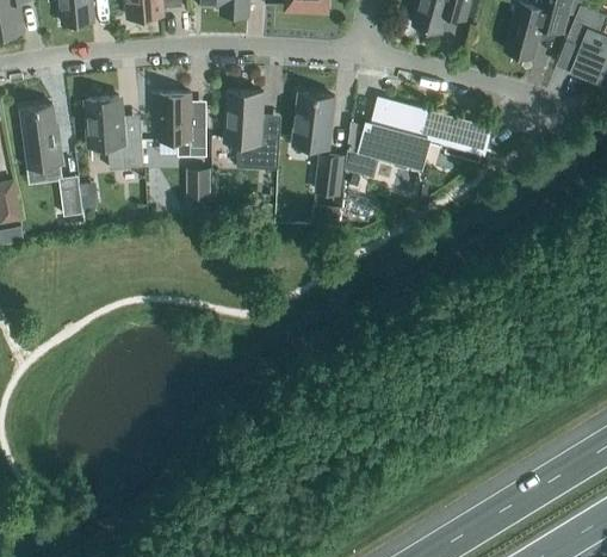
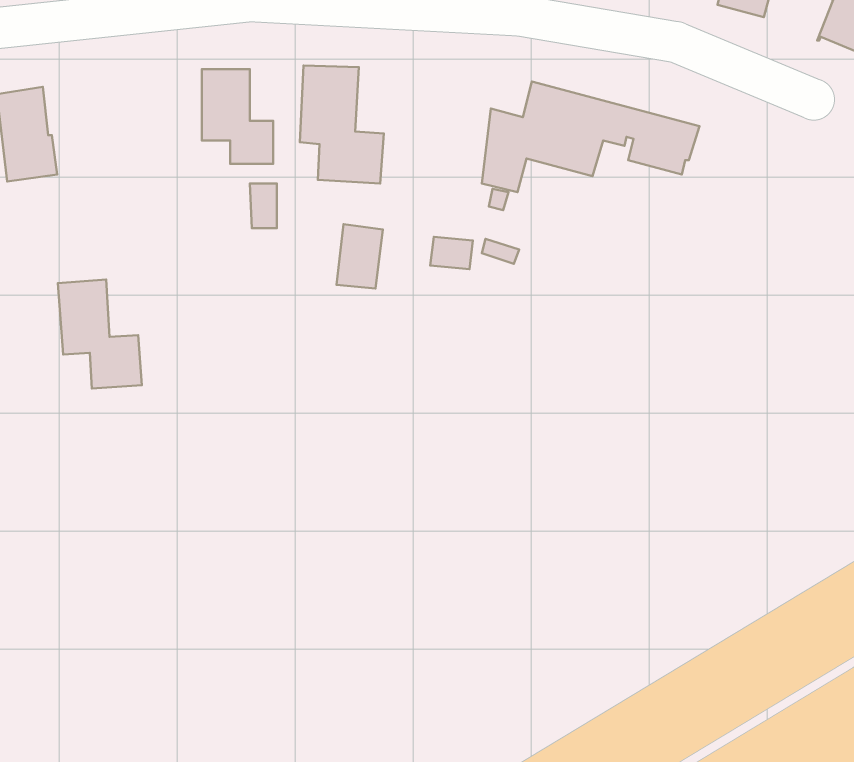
building: [292,92,334,147] -> none
building: [87,95,143,168] -> [58,280,142,389]
building: [314,151,345,194] -> [336,224,383,289]
building: [58,174,83,215] -> none

